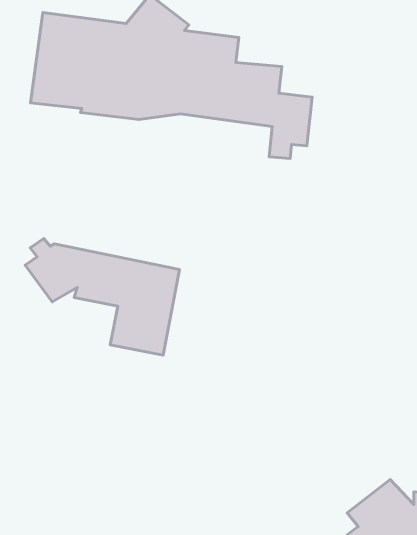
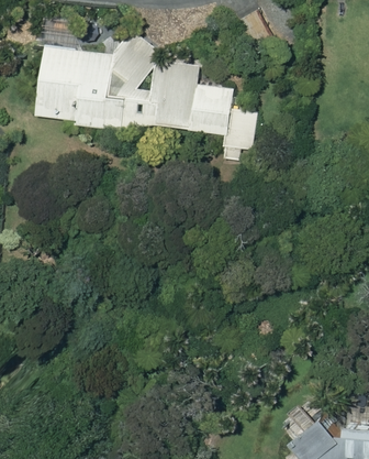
building: [25,239,180,355] -> none

